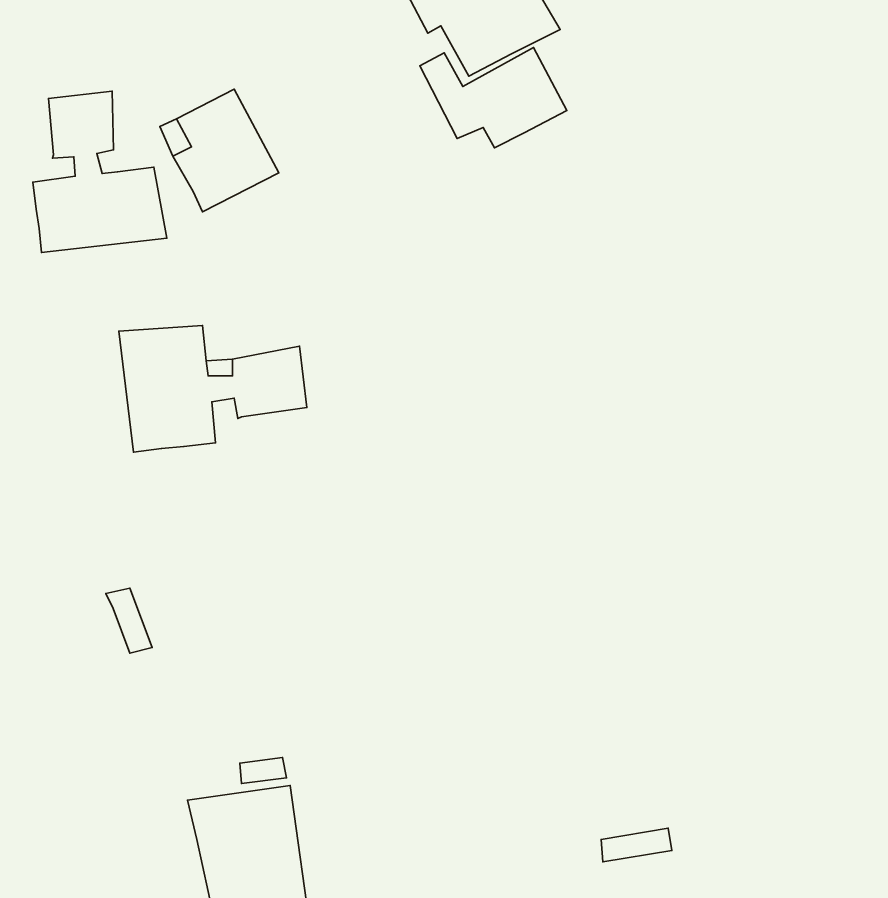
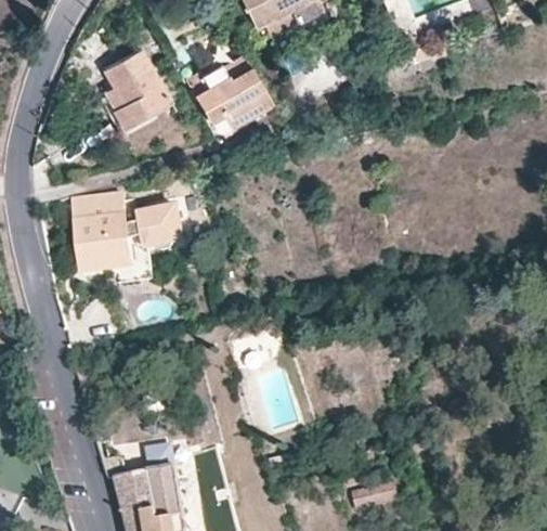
building: [420,47,567,148] -> [184,67,270,126]
building: [33,91,167,252] -> none

